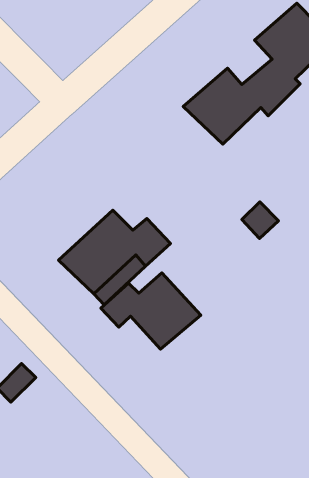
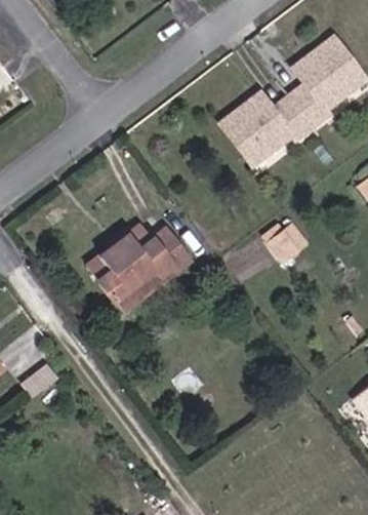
building: [101,273,201,349] -> none

